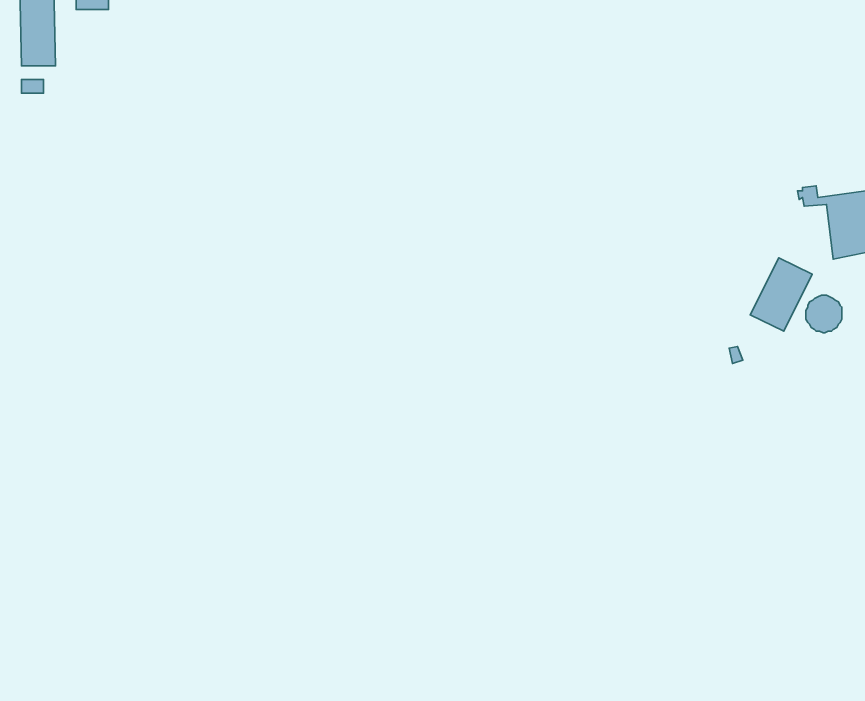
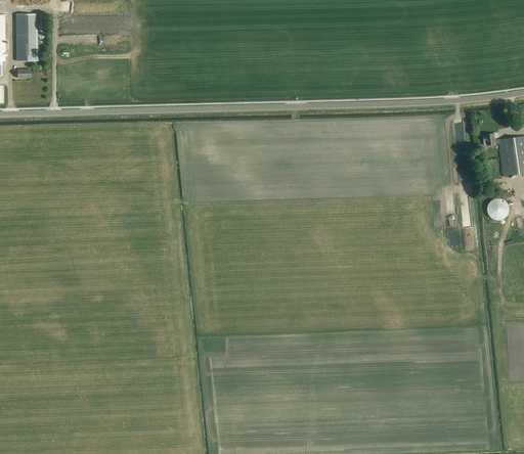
building: [750,258,812,331] -> none

